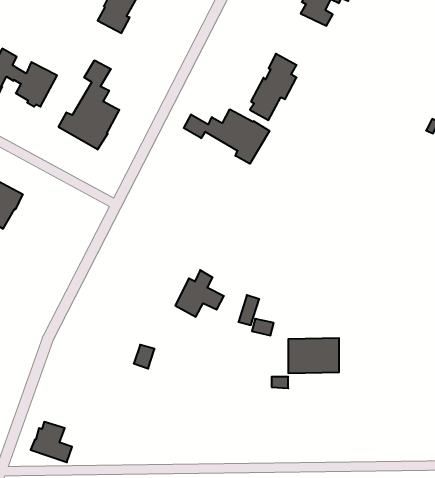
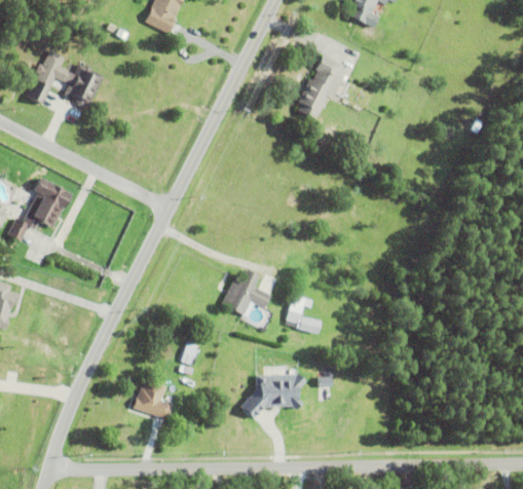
building: [59,60,119,150] -> none
building: [184,109,269,164] -> none
building: [288,338,339,373] -> [253,374,303,409]
building: [31,422,72,462] -> [133,381,174,421]

